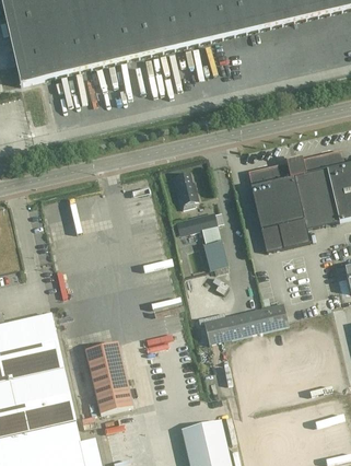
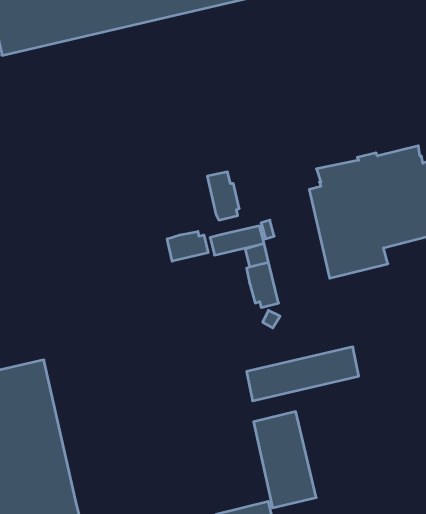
building: none -> [167,231,208,261]
building: [85,339,132,411] -> [254,412,316,508]

